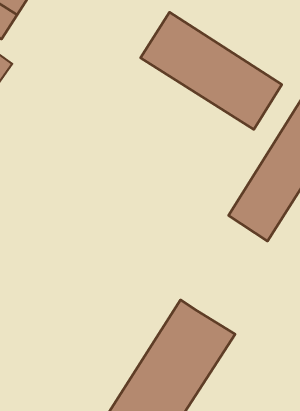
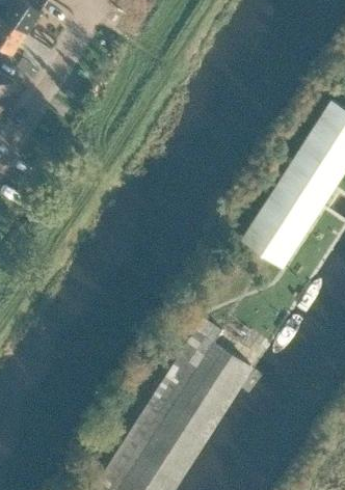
building: [141,12,282,130] -> none

